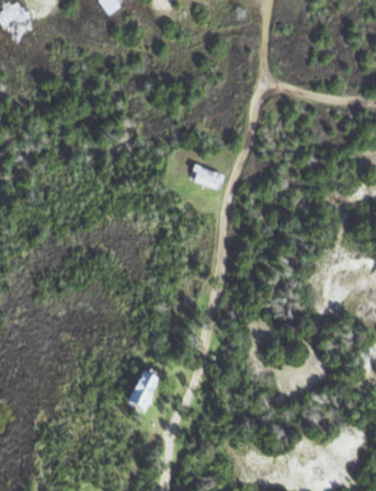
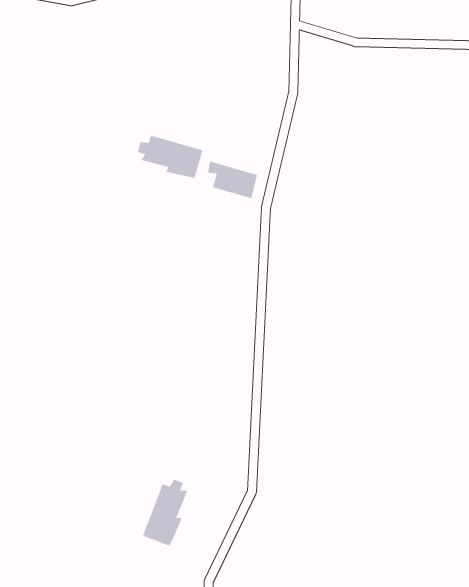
building: none -> [137,135,203,179]

